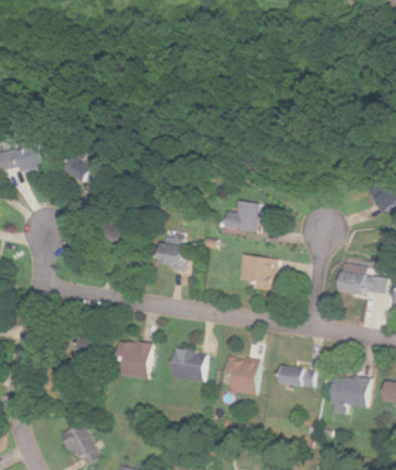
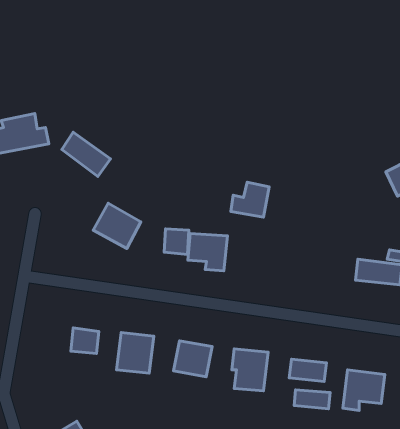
building: [238,255,275,290] -> [188,234,227,271]
building: none -> [294,390,330,409]

